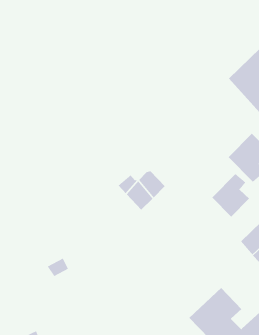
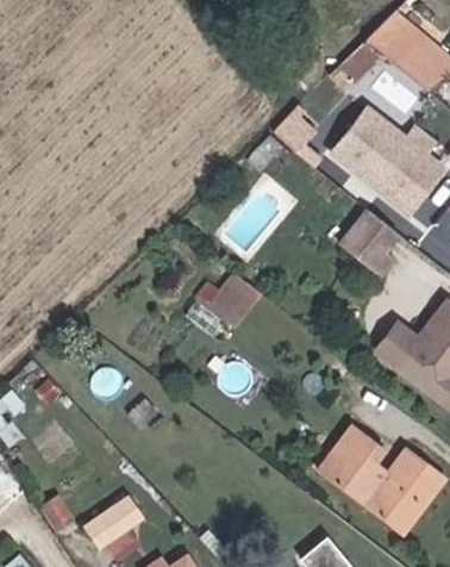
building: [211,173,250,218] -> none

